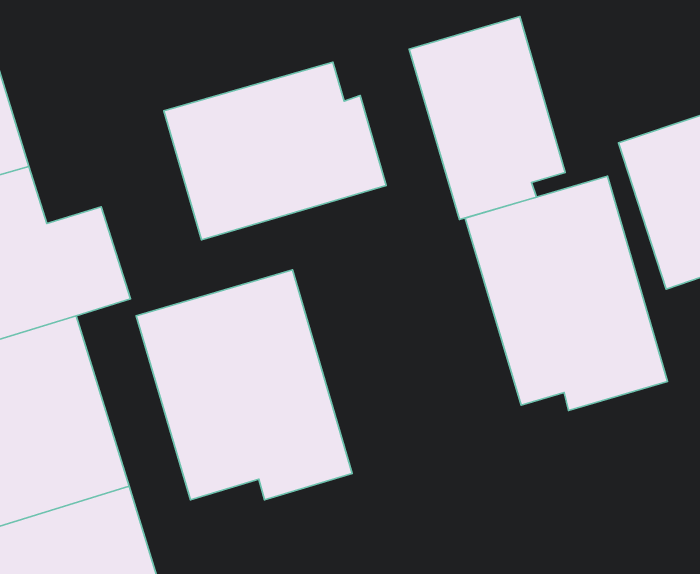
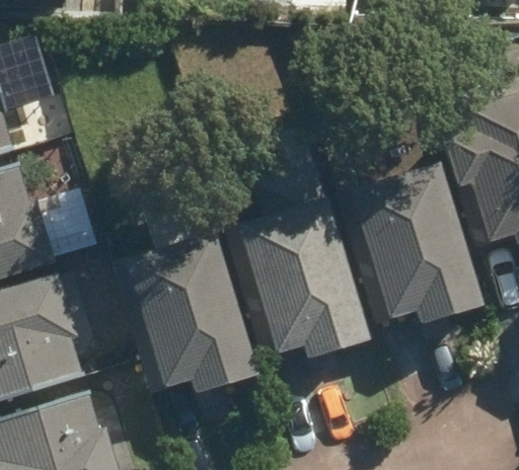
building: [409,16,565,220] -> none
building: [164,62,386,240] -> none
building: none -> [228,191,373,360]

